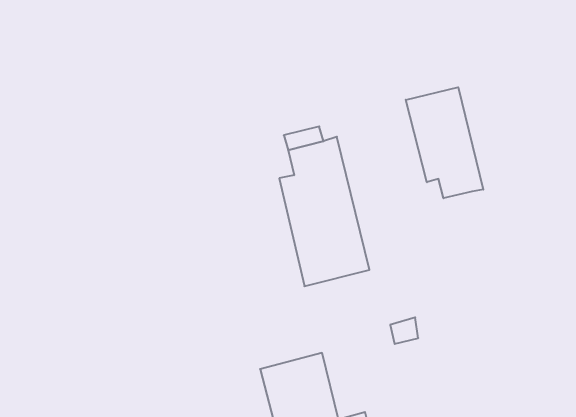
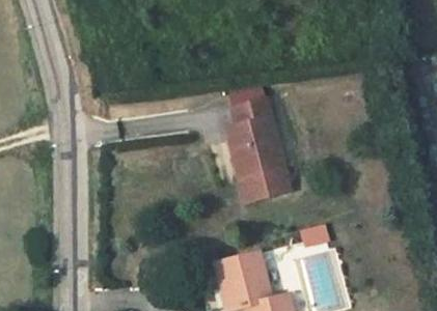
building: [406,87,483,198] -> none

